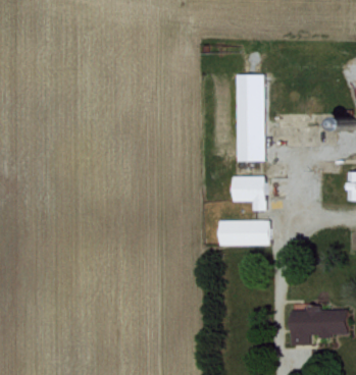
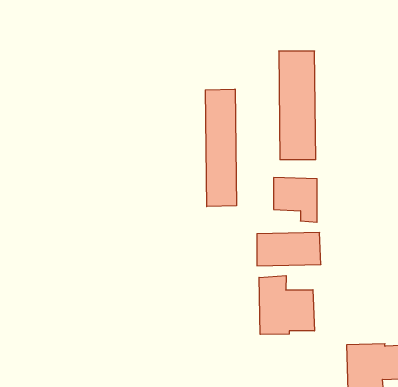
building: none -> [205,89,236,207]
building: none -> [259,276,314,334]

